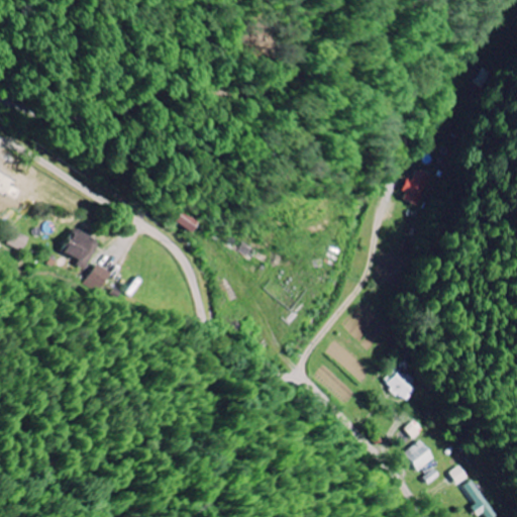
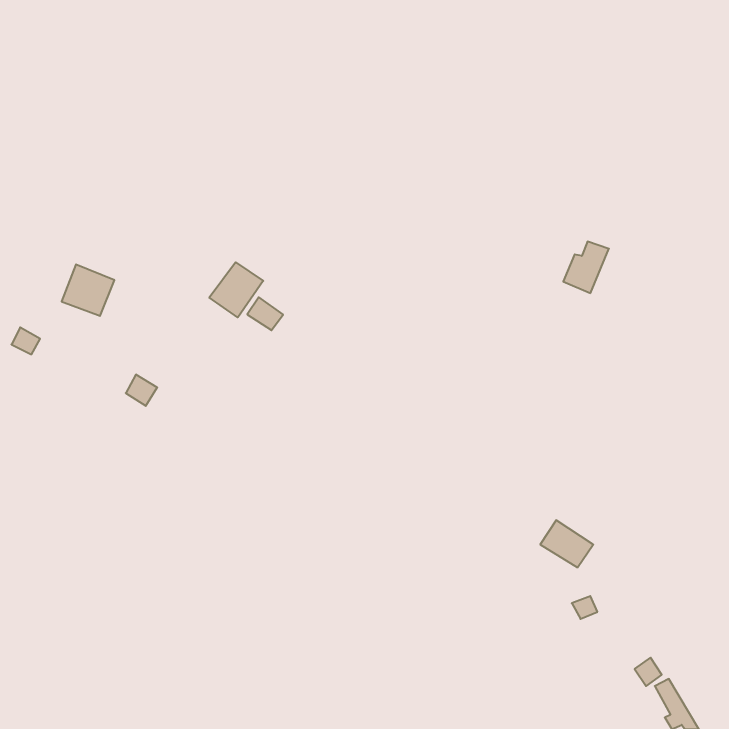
building: none -> [209,262,263,317]
building: [61,229,98,266] -> [62,264,114,316]
building: [403,441,433,472] -> none

